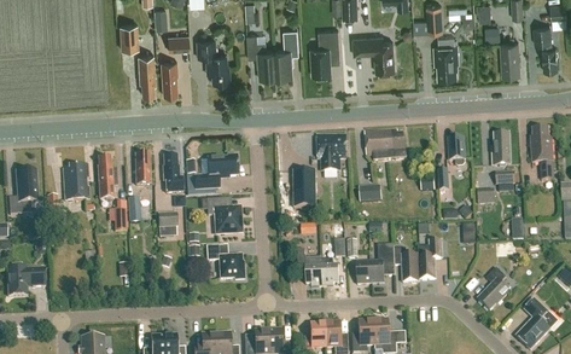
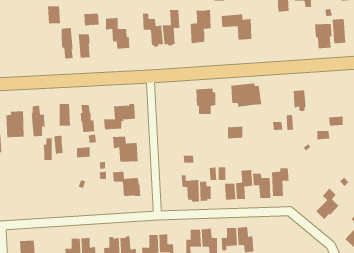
building: [432,43,456,77] -> [314,23,332,49]
building: [493,132,511,164] -> none
building: [293,169,316,217] -> none

